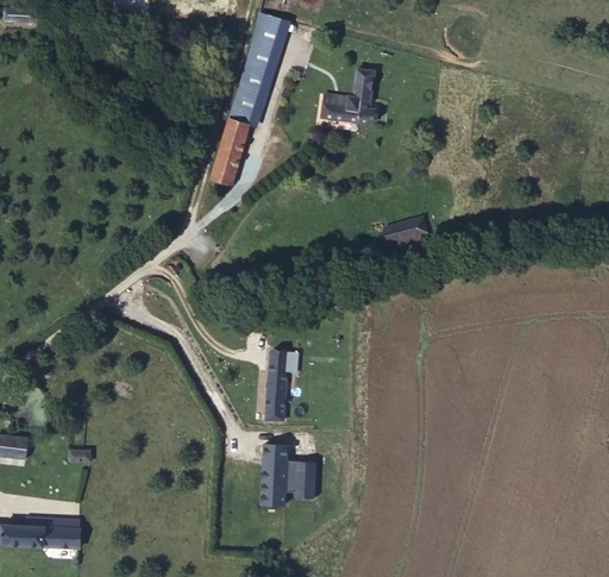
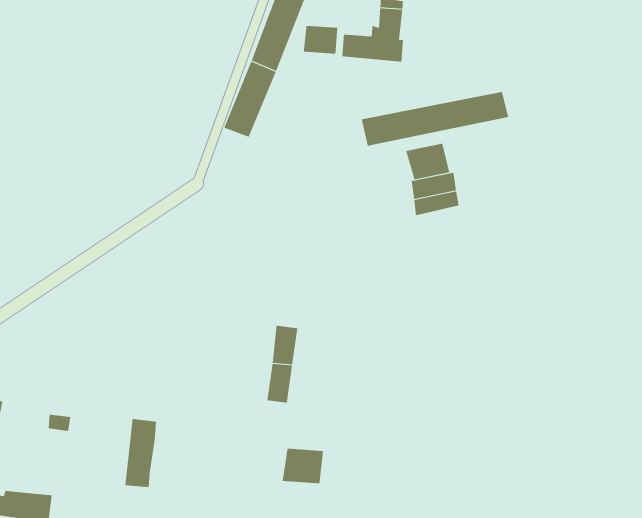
building: none -> [303,25,338,54]
building: none -> [361,91,509,147]
building: none -> [405,143,450,180]
building: [260,447,285,508] -> [124,418,157,487]

